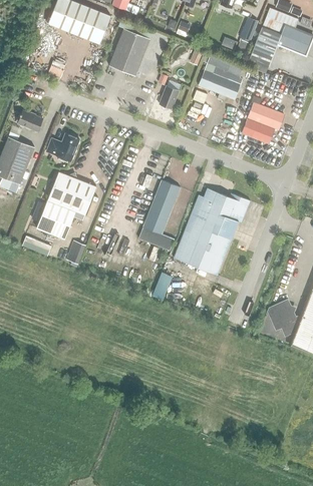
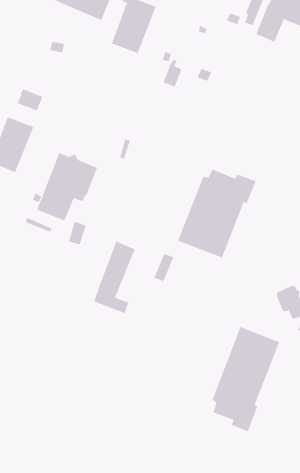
building: [199,53,243,100] -> none
building: [242,95,283,143] -> none
building: [46,134,79,161] -> none
building: [139,179,181,251] -> [93,241,135,314]
building: none -> [212,326,280,432]

